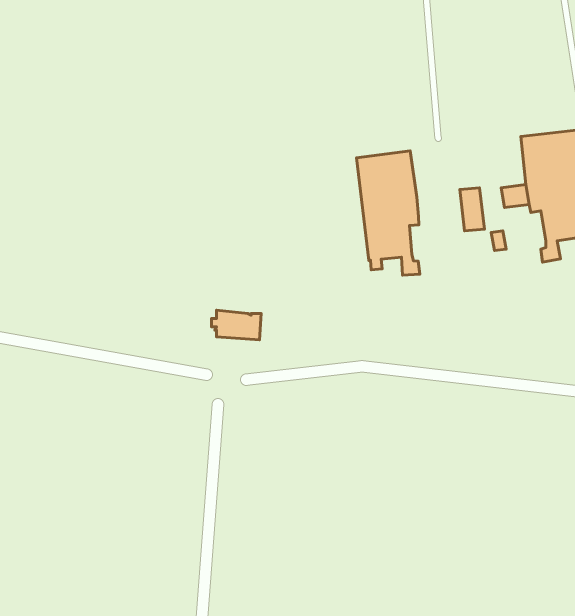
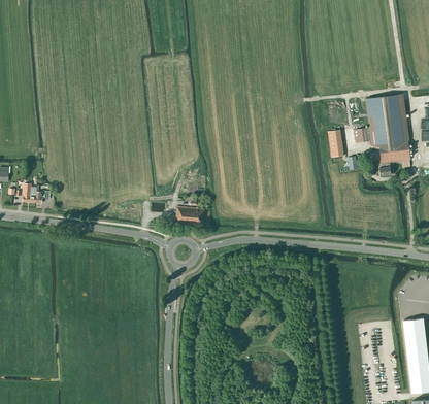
building: [357,151,420,275] -> none

